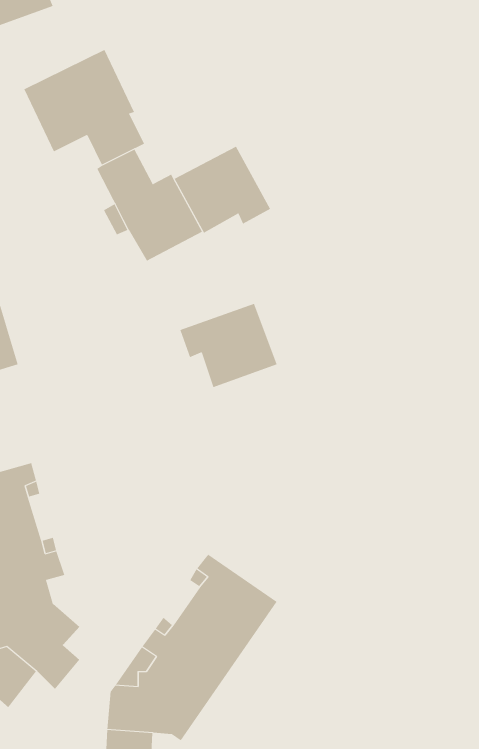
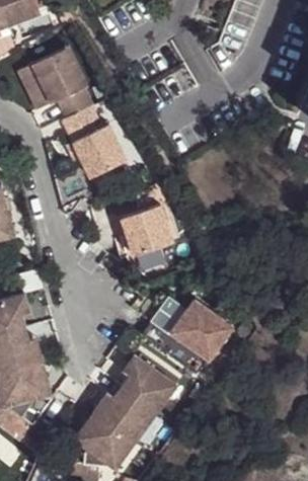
building: [174,146,271,233] -> none
building: none -> [139,296,229,355]

